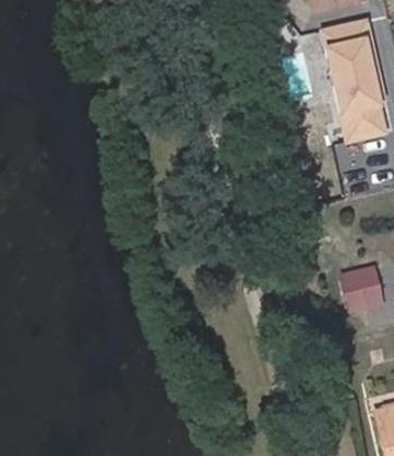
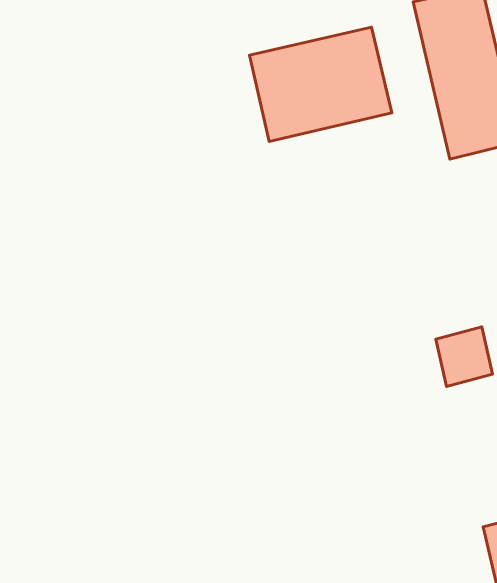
building: none -> [250,27,392,141]

